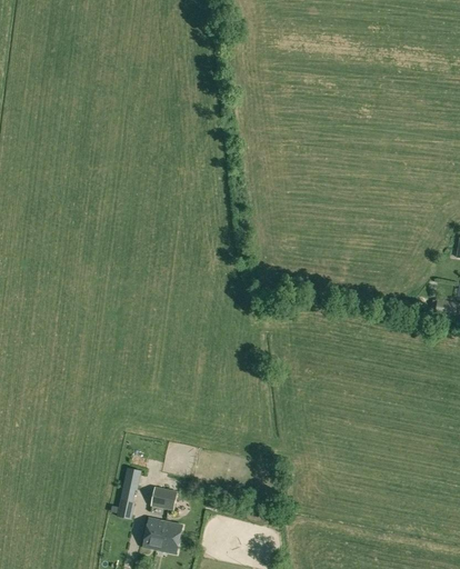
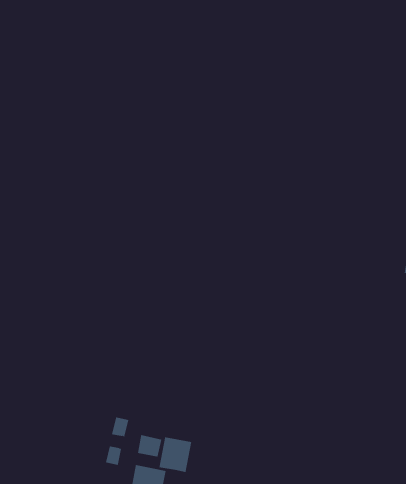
building: none -> [159,437,192,473]

